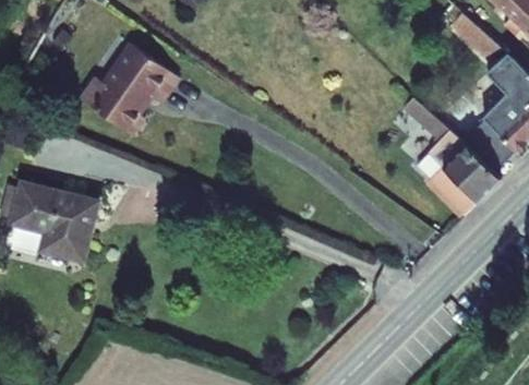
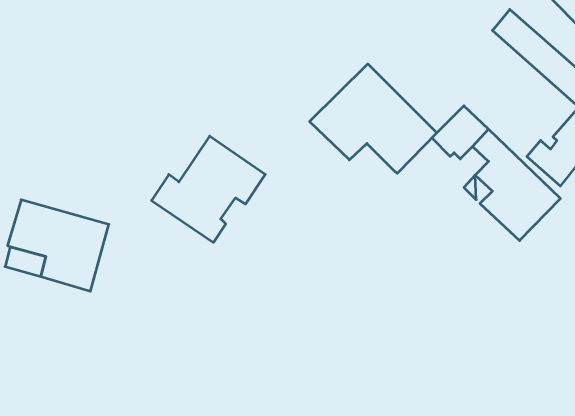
building: [73,43,173,136] -> [152,136,265,242]
building: none -> [310,64,437,173]

